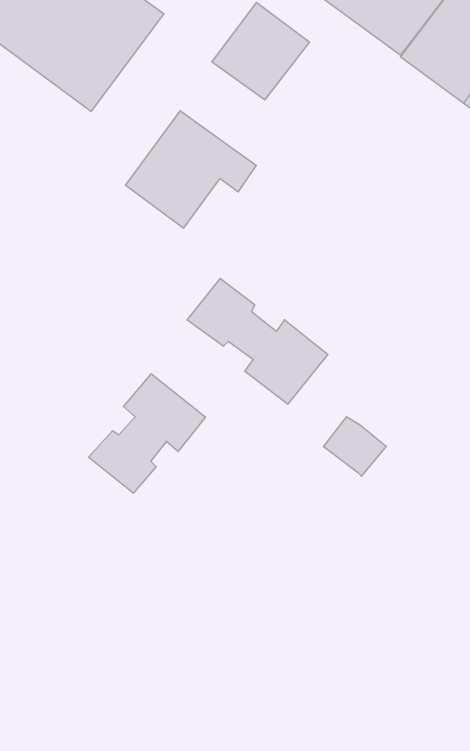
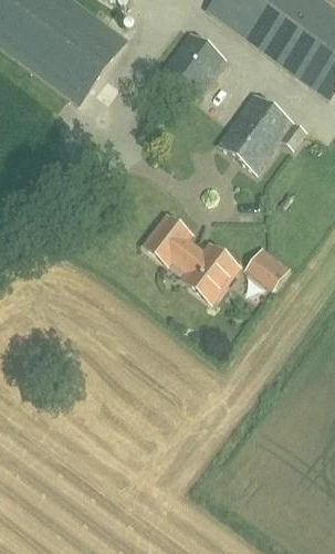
building: [126,111,256,228] -> [217,93,304,171]
building: [88,374,206,493] -> none
building: [323,417,386,476] -> [244,248,286,288]

